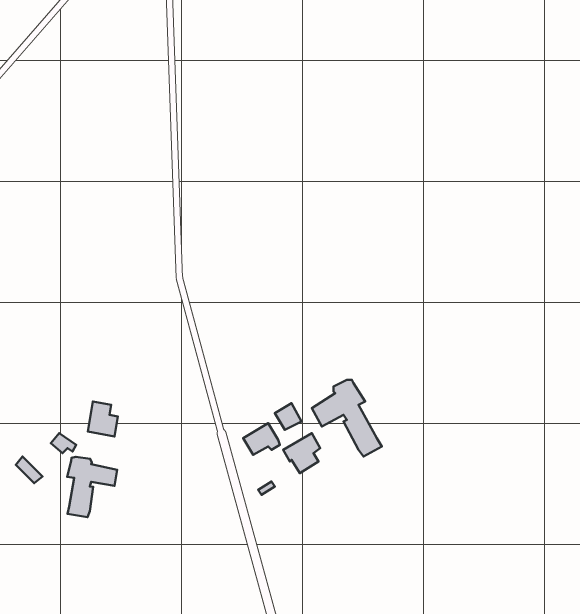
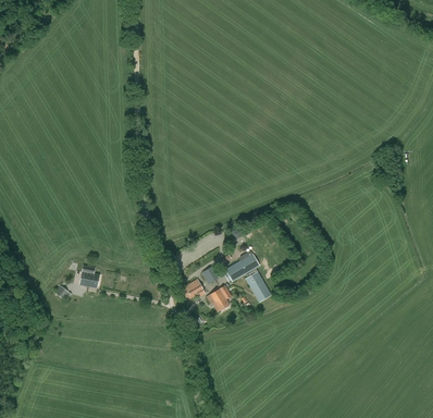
building: [67,457,117,517] -> none

